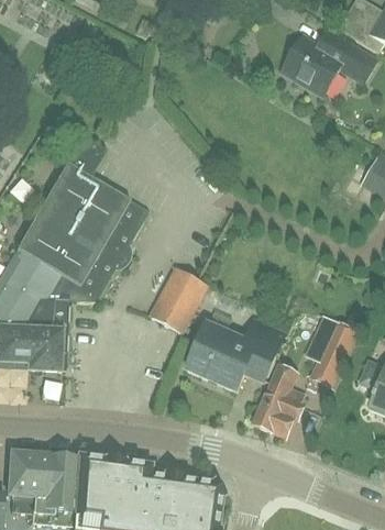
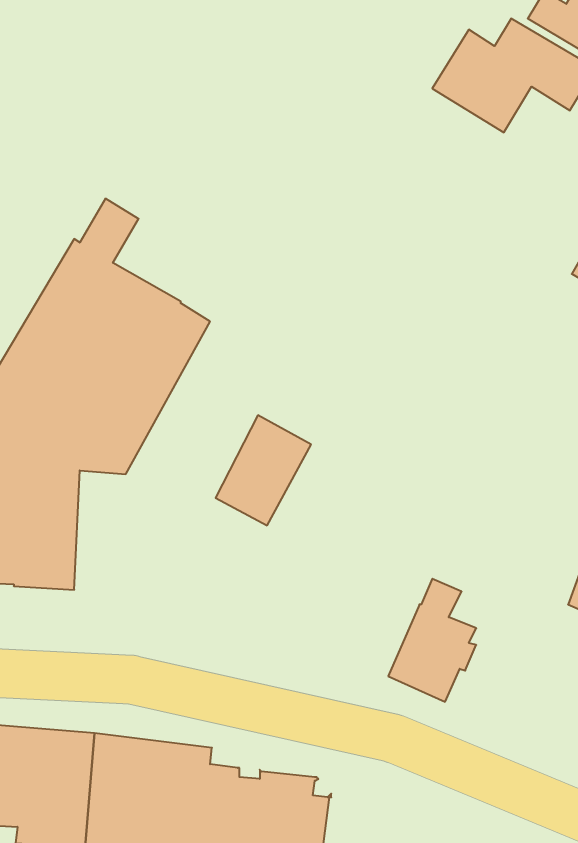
building: [308,314,359,385] -> none
building: [187,319,286,390] -> none

